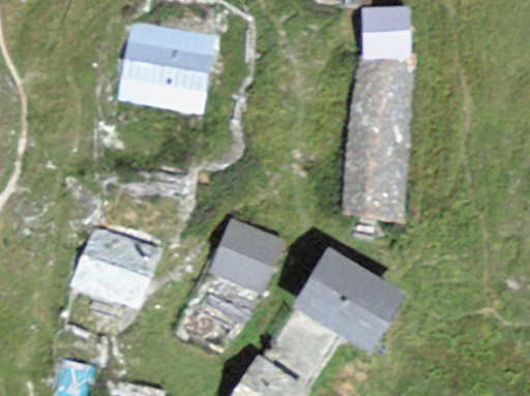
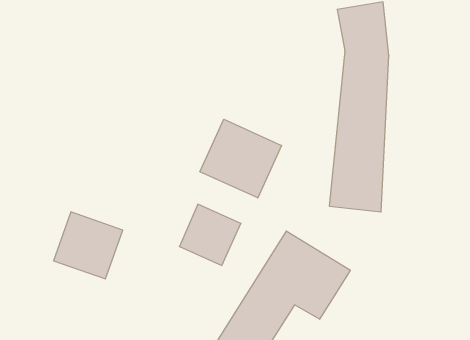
building: [117,20,214,122] -> none
building: none -> [200,119,282,198]

